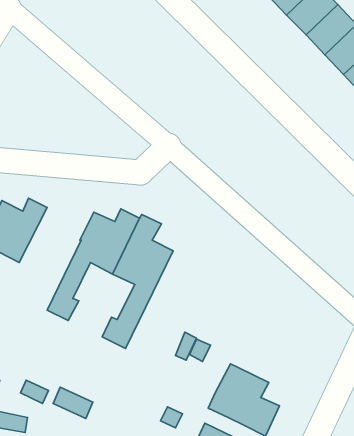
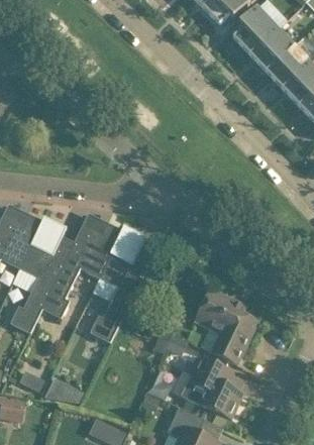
building: none -> [10,216,72,333]
building: none -> [195,289,257,363]

